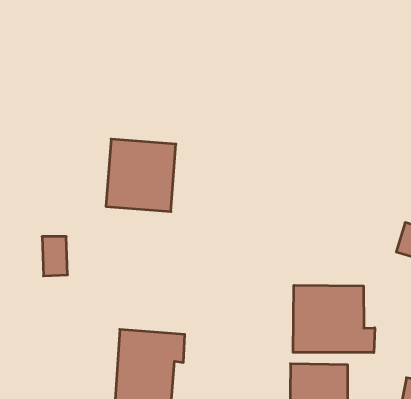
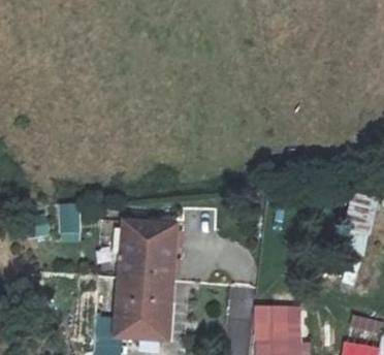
building: [106,139,176,212] -> [119,221,175,280]
building: [293,285,375,353] -> none

